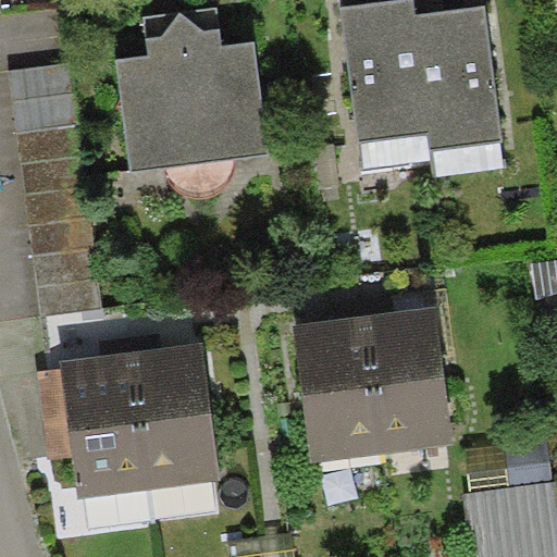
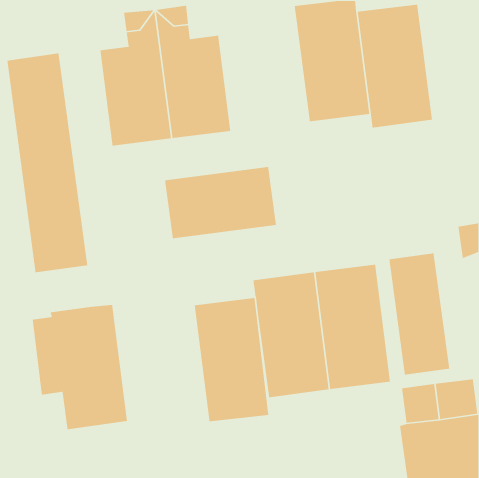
building: none -> [164,166,277,239]
building: none -> [389,253,450,376]
building: [131,346,218,491] -> [194,297,269,422]

